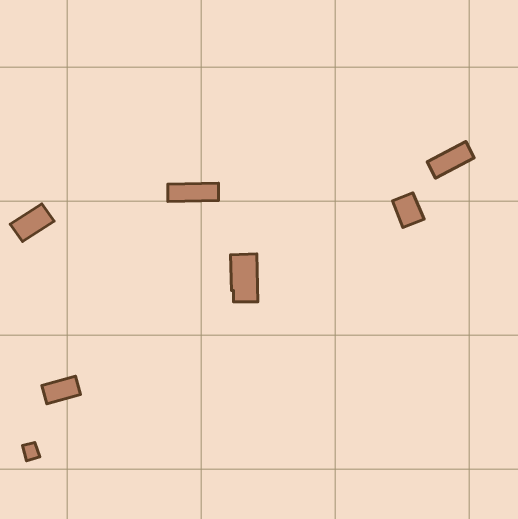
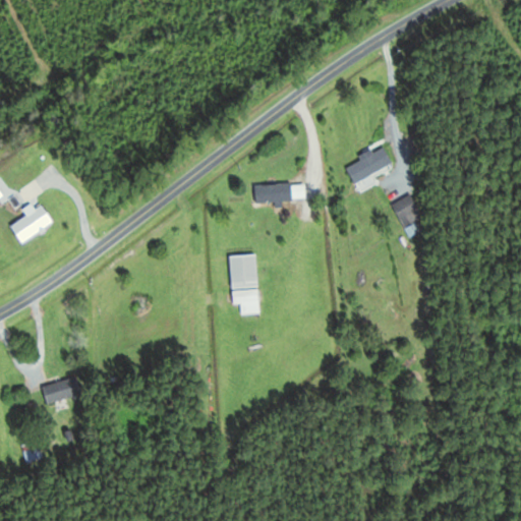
building: [427,142,474,178] -> [346,149,393,185]
building: [168,183,219,202] -> [254,184,305,202]

